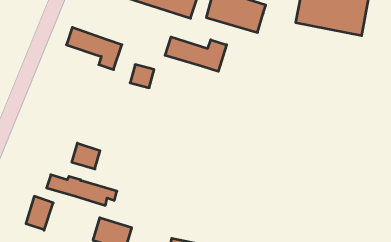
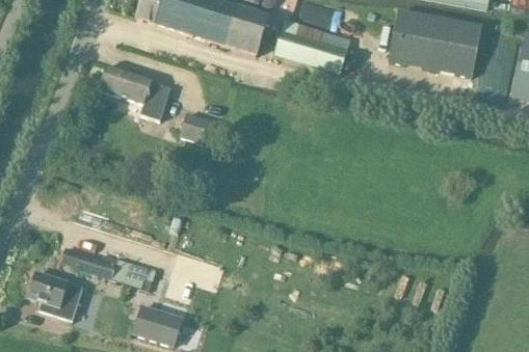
building: [165,37,227,71] -> none
building: [72,143,100,169] -> none
building: none -> [28,270,59,312]

